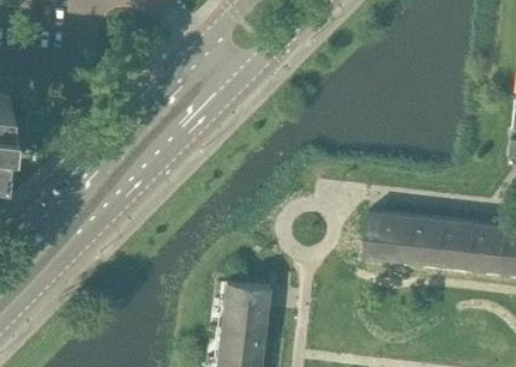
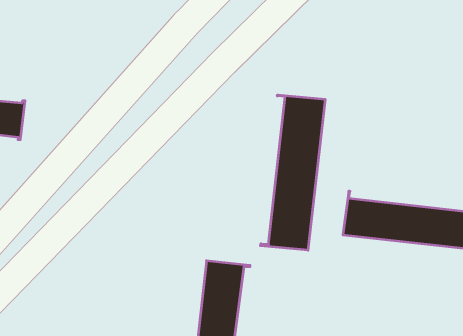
building: none -> [260,95,325,250]

